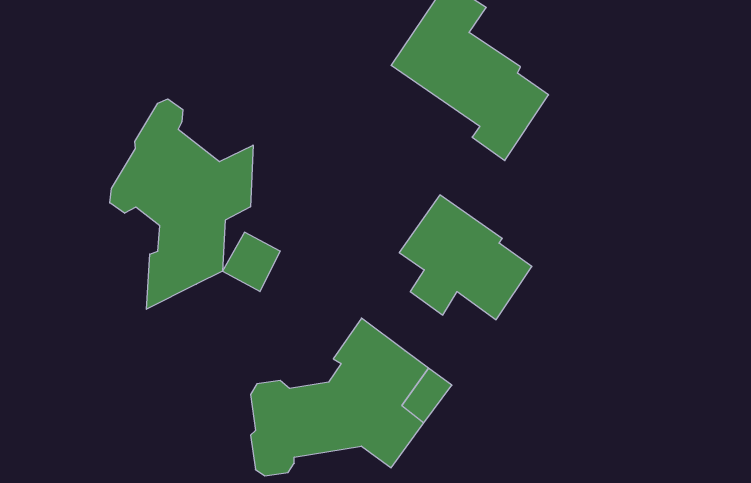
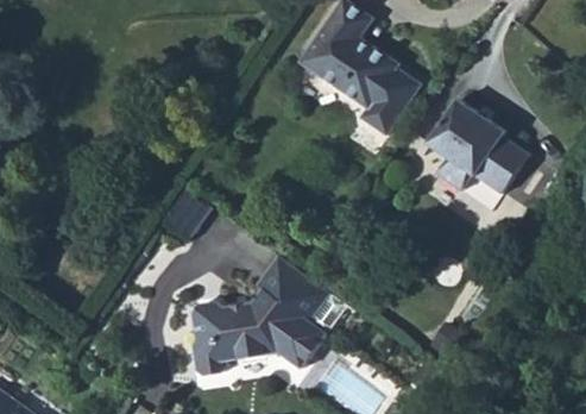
building: [110,99,253,309] -> none
building: [399,195,532,320] -> [426,99,527,194]

